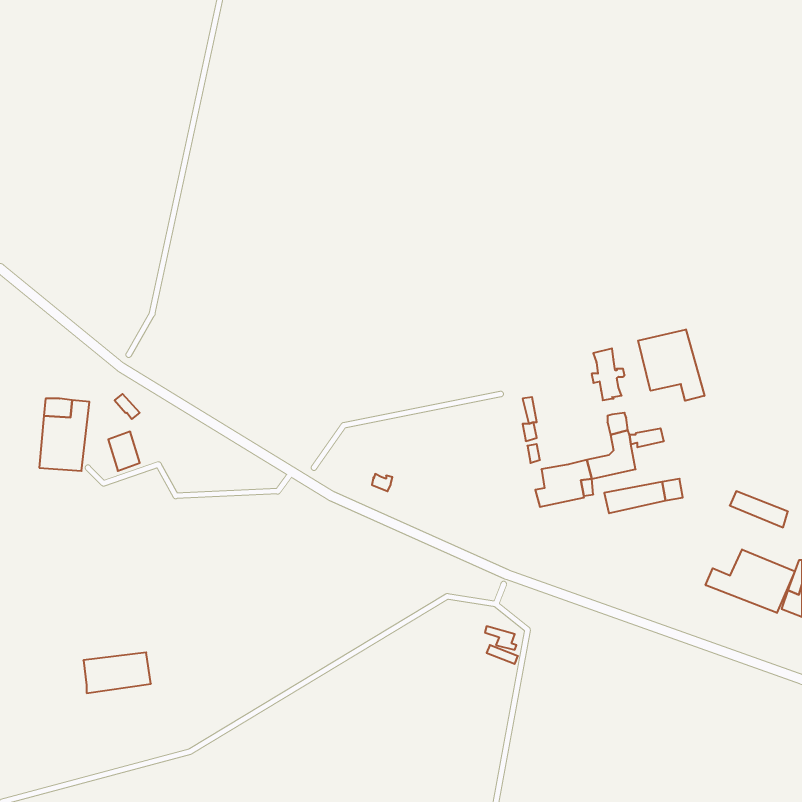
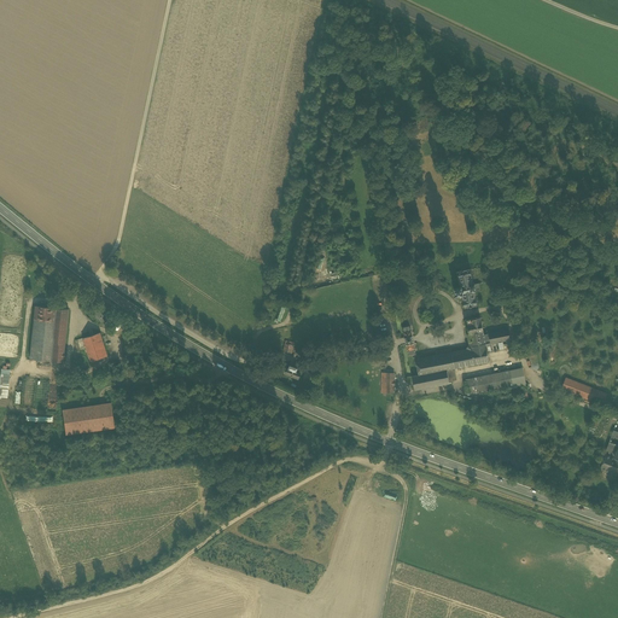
building: [638,329,704,401] -> none
building: [706,549,795,613] -> none
building: [83,652,151,693] -> [63,403,115,435]

